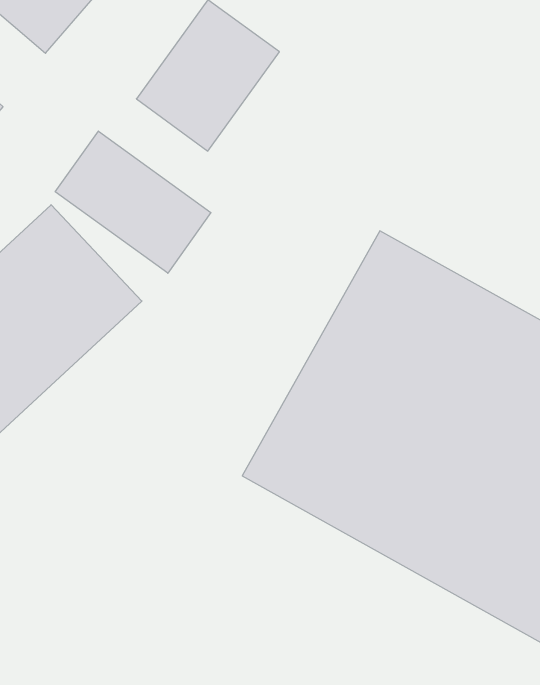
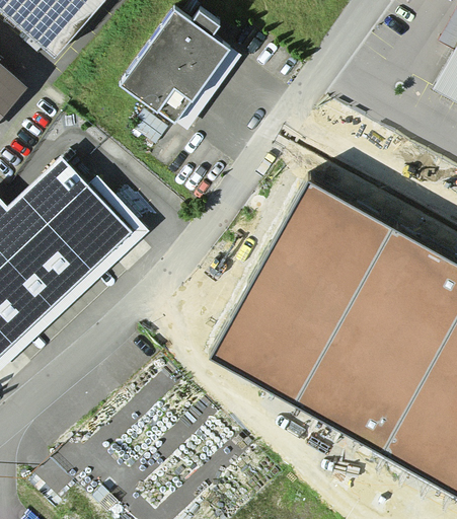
building: [55,131,211,273] -> none

